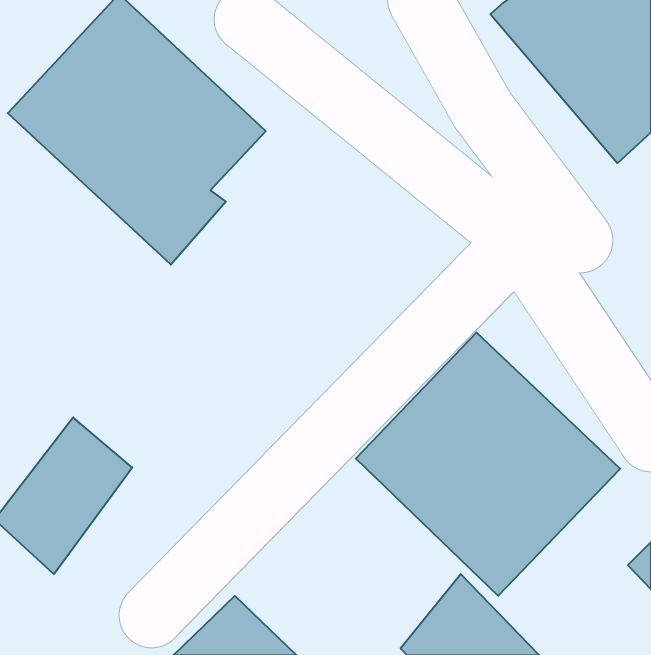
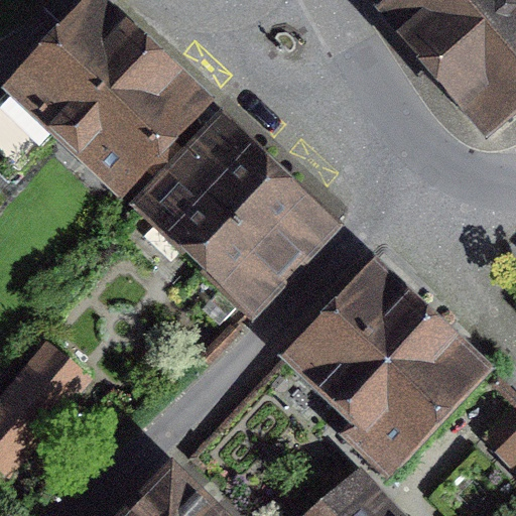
building: none -> [134,125,332,309]

